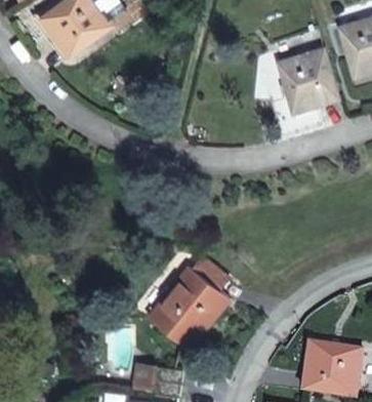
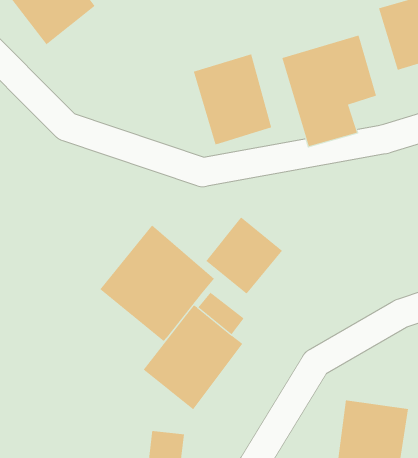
building: none -> [193,53,272,145]
building: none -> [205,217,283,294]
building: none -> [100,224,215,342]

